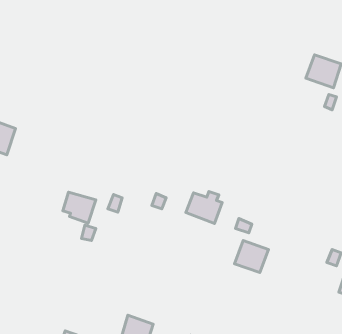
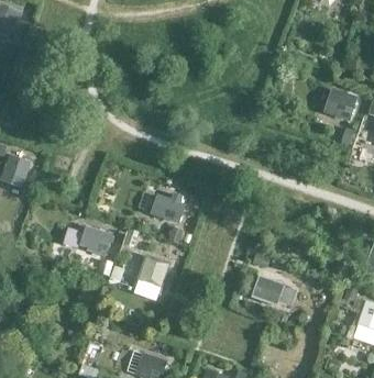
building: [186,192,222,223] -> [150,192,186,224]
building: none -> [137,253,171,287]

